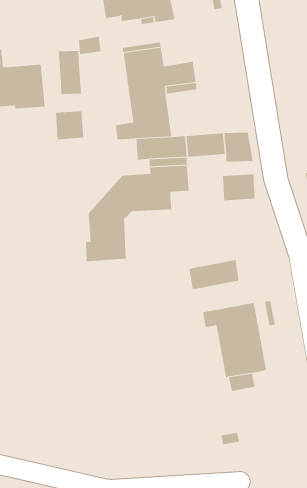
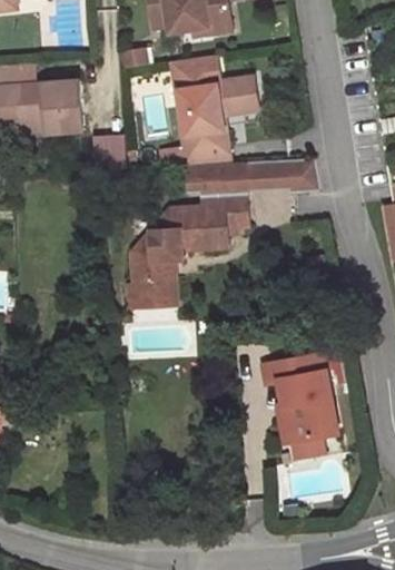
building: [58,50,82,95] -> none
building: [222,173,255,201] -> none
building: [189,259,239,290] -> none

